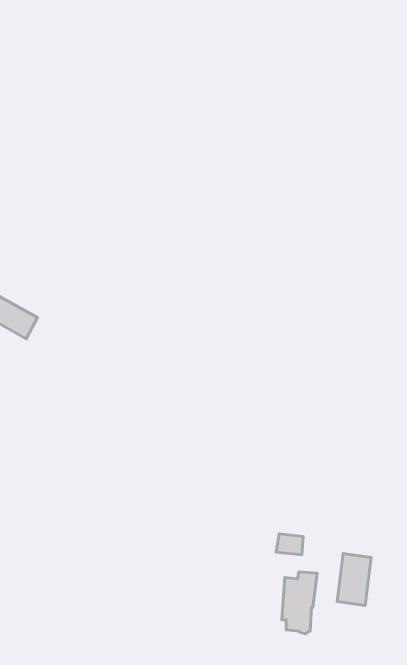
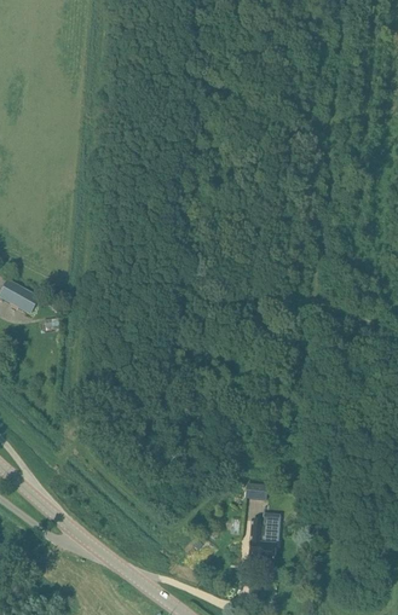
building: [337,554,371,605] -> none

